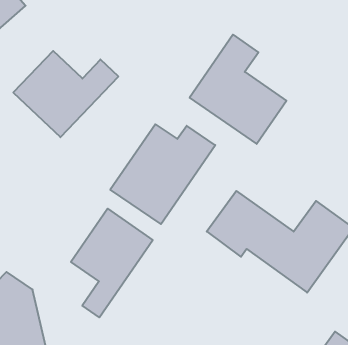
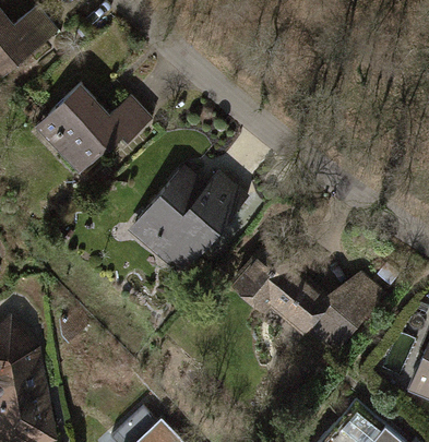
building: [190,35,286,144] -> none
building: [71,209,153,317] -> none

